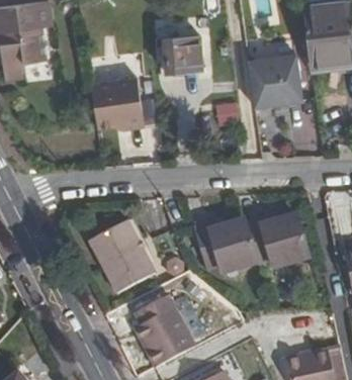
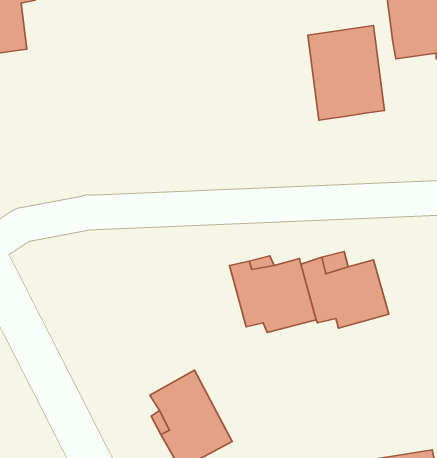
building: [163,37,201,75] -> none
building: [92,79,146,130] -> none
building: [88,217,156,290] -> none

